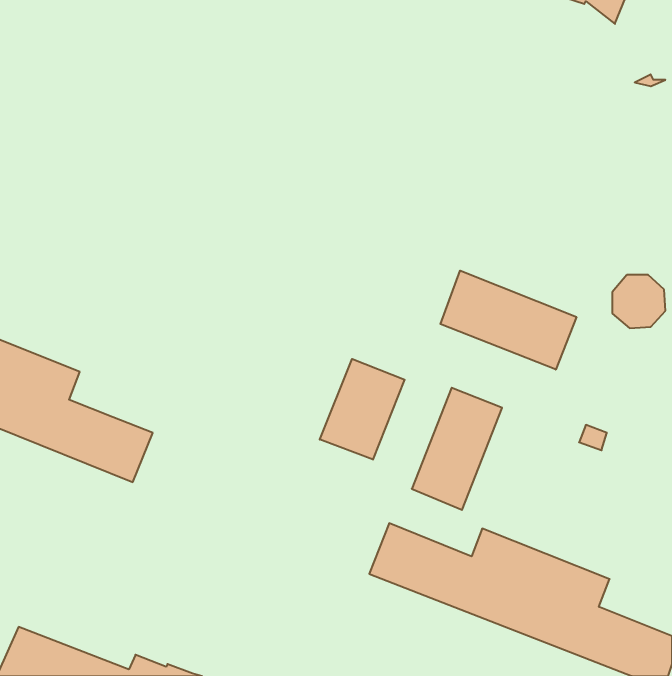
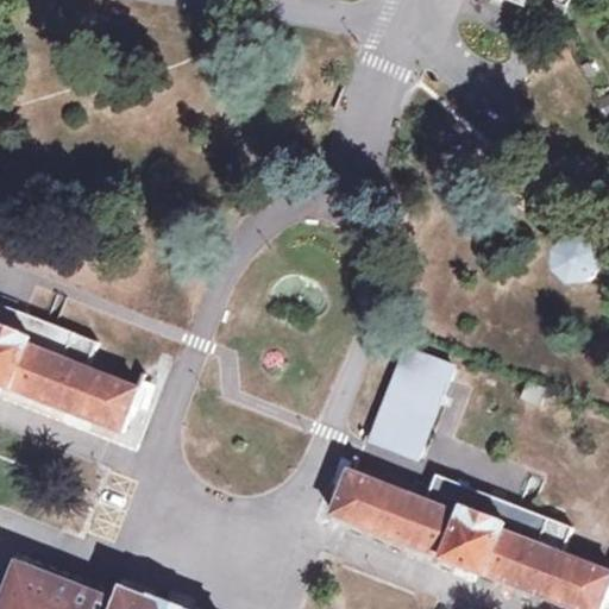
building: [440,271,576,370] -> none
building: [320,359,405,460] -> none

